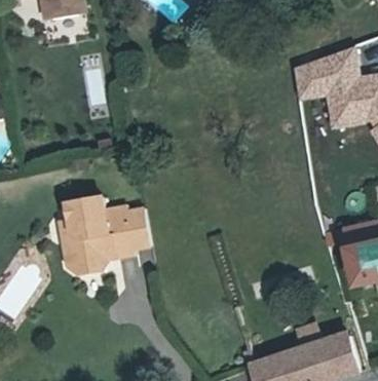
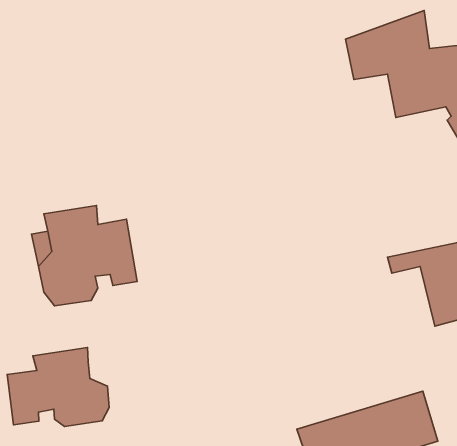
building: none -> [7,347,109,427]

